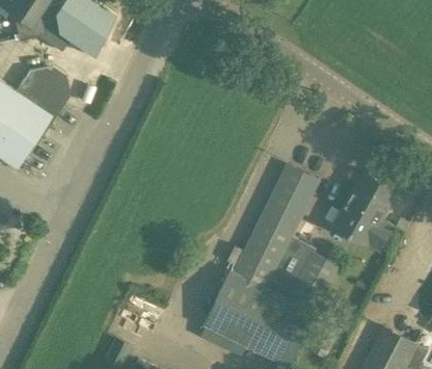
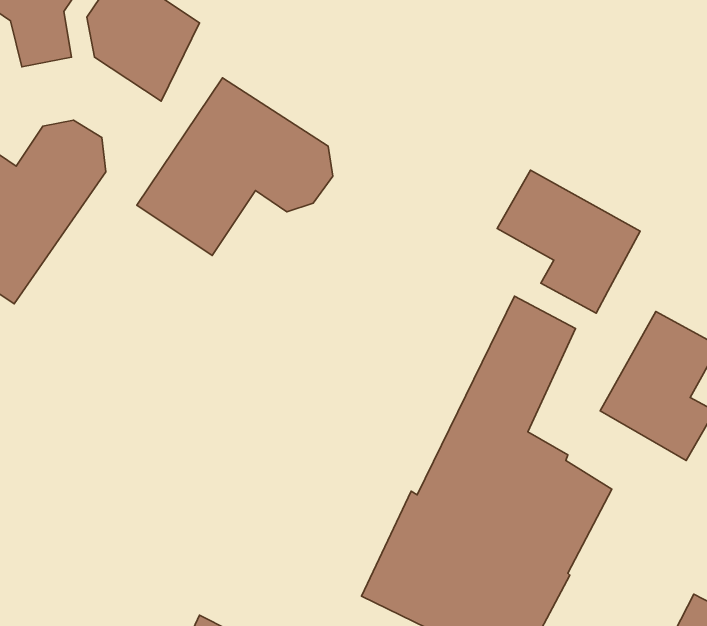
building: none -> [137,78,333,255]
building: none -> [497,170,640,313]

